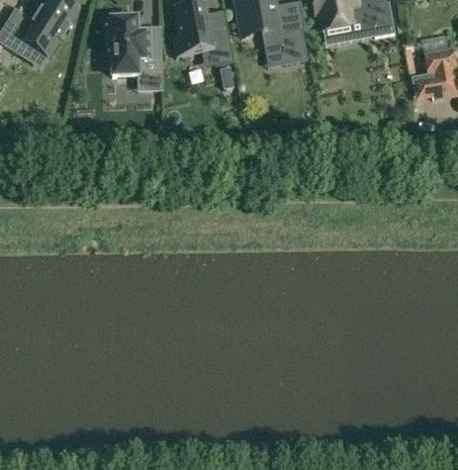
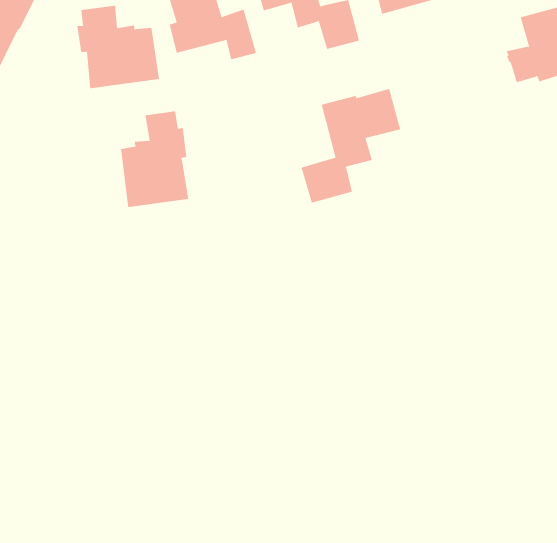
building: none -> [301,88,401,204]
building: none -> [120,111,189,208]

